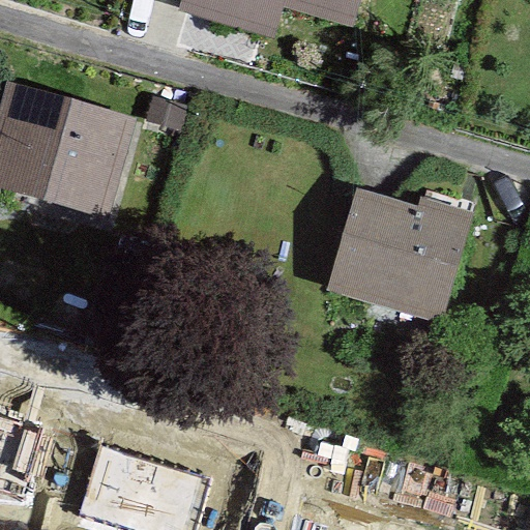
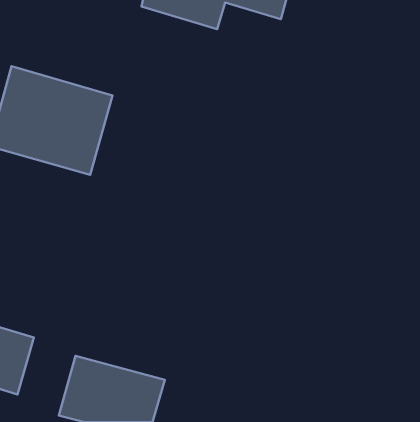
building: [326,190,471,321] -> none

